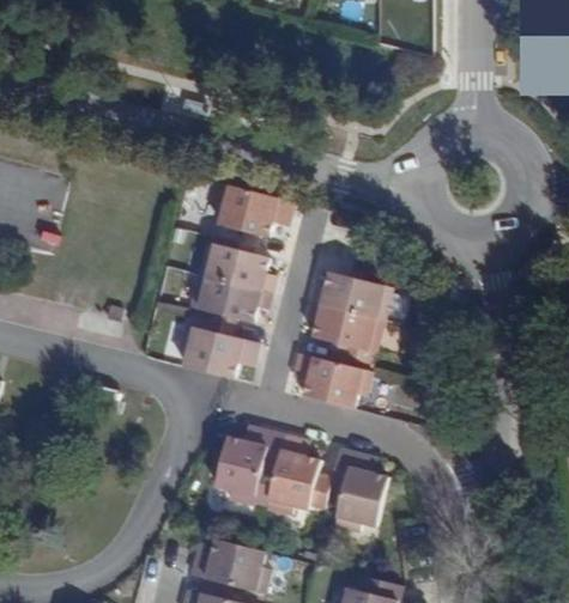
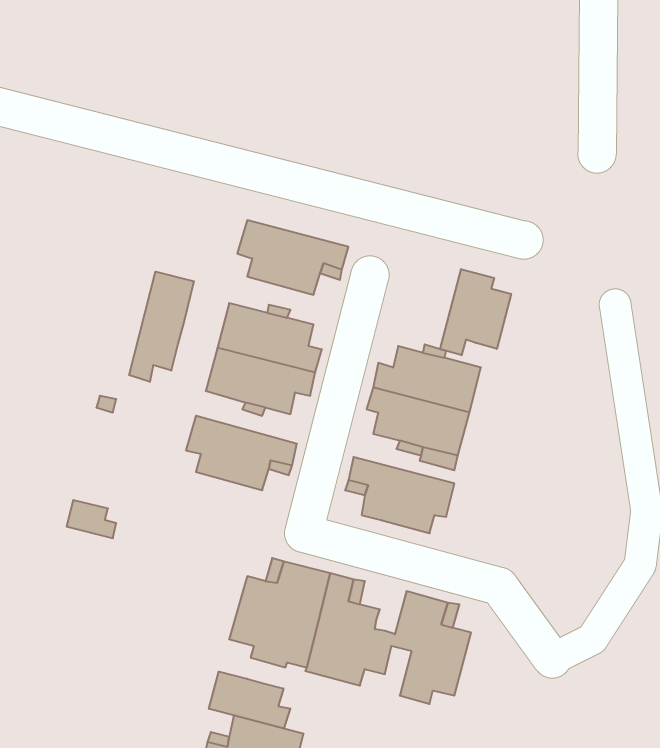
building: none -> [440,269,511,355]
building: none -> [129,272,194,382]
building: none -> [209,672,290,729]

